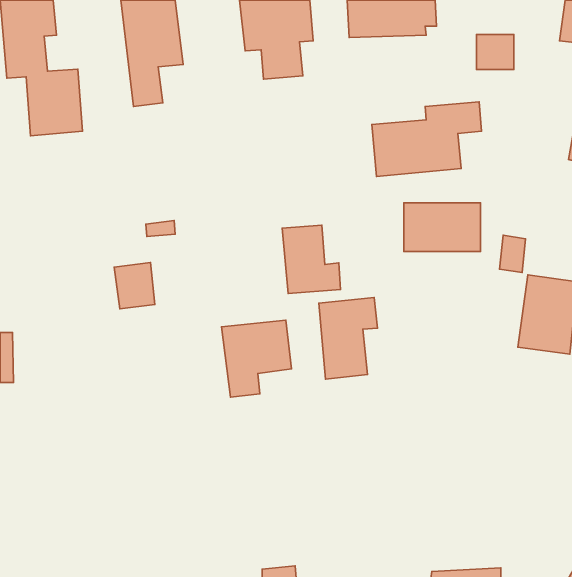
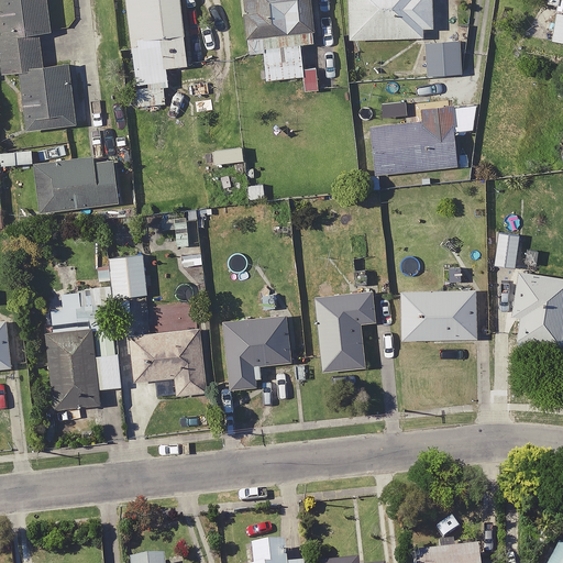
building: [477,34,514,69] -> [423,40,460,74]
building: none -> [43,161,126,216]
building: [404,203,481,252] -> [398,289,473,336]
building: [282,225,340,293] -> none
building: none -> [51,288,134,429]
building: none -> [140,330,217,399]

